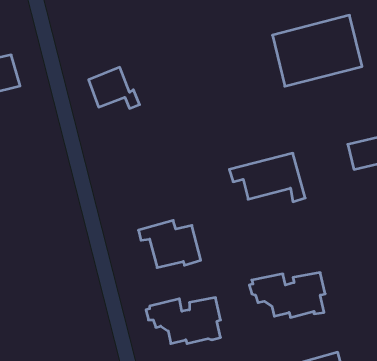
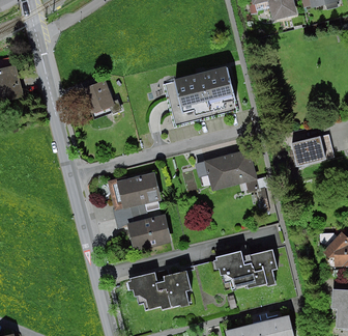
building: [272,15,362,86] -> [163,66,237,125]
building: none -> [109,170,161,216]

